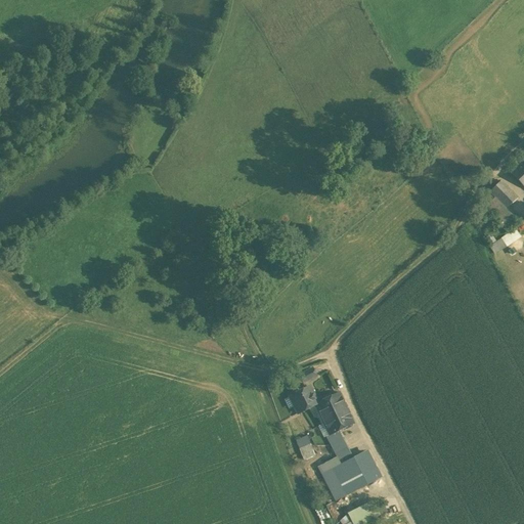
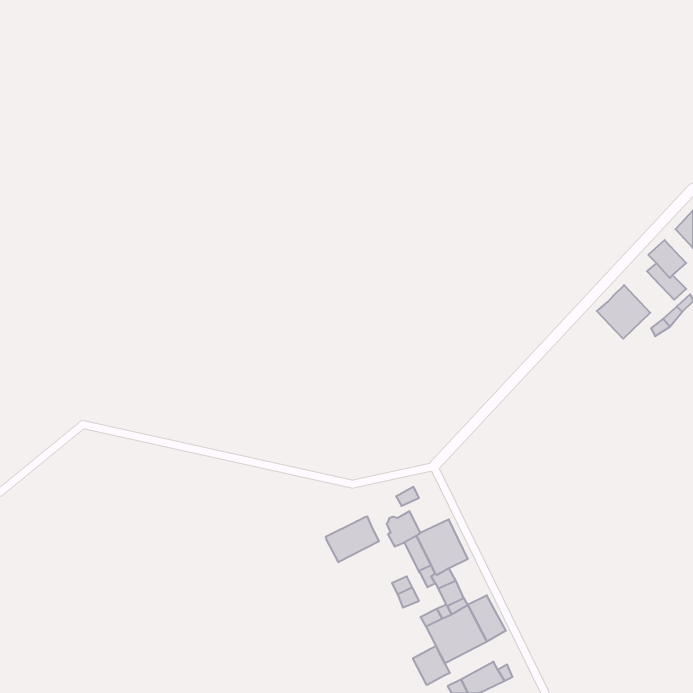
building: none -> [597,285,650,339]
building: none -> [326,516,379,562]
building: none -> [413,646,450,685]

